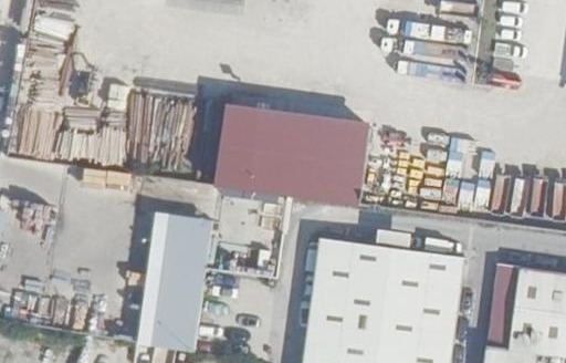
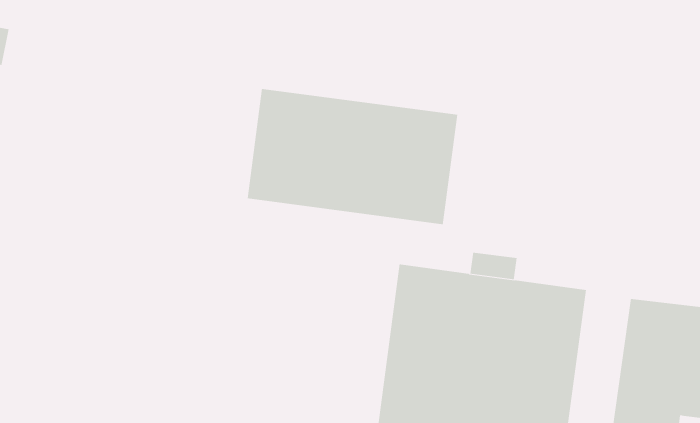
building: [144,214,208,353] -> none

